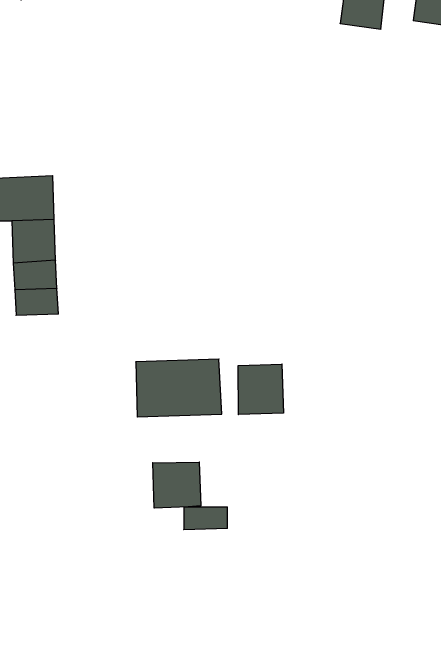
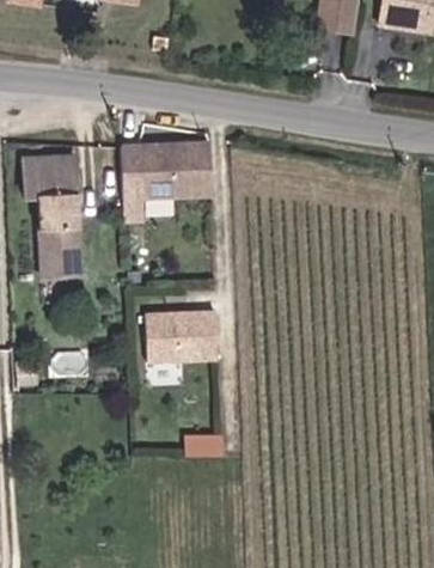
building: none -> [122,143,213,219]
building: [238,364,283,415] -> none
building: [153,462,201,508] -> none

